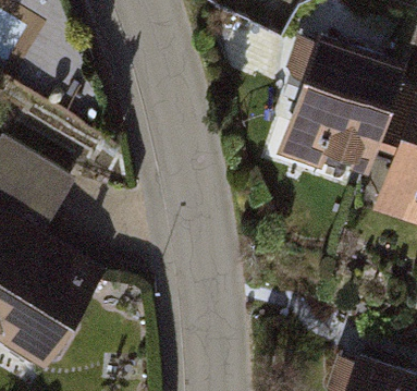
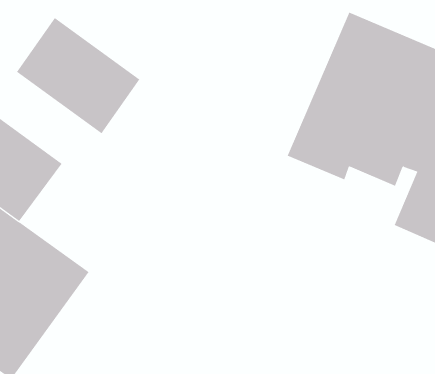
building: none -> [16,17,140,134]

